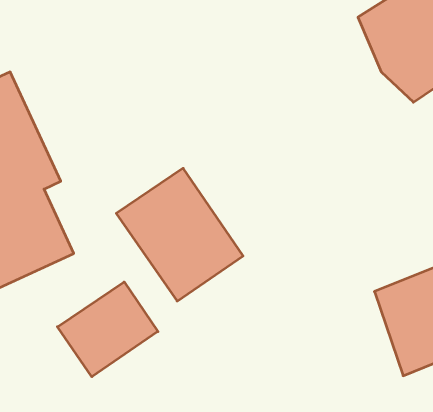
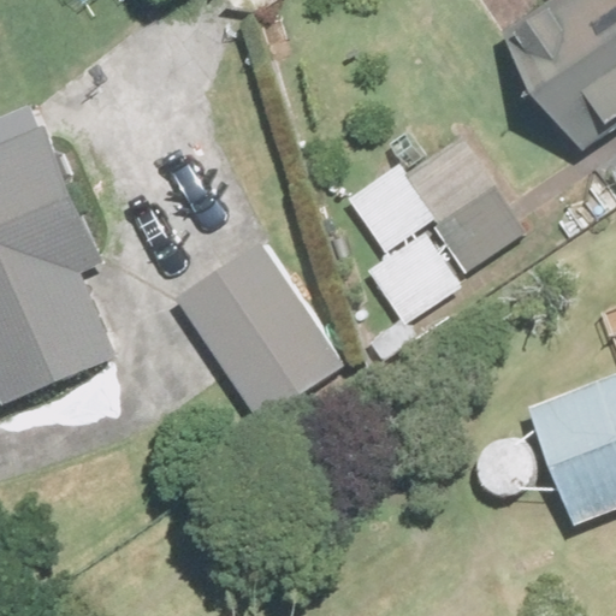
building: none -> [348,120,538,322]
building: [57,282,158,377] -> none

